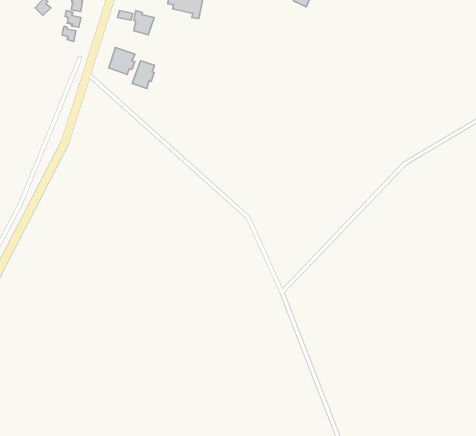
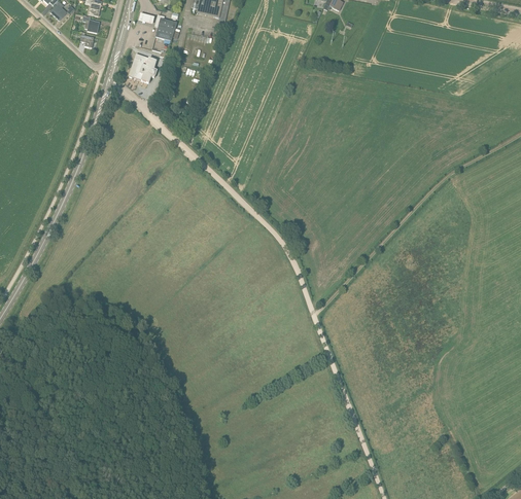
building: [132,61,154,89] -> none

